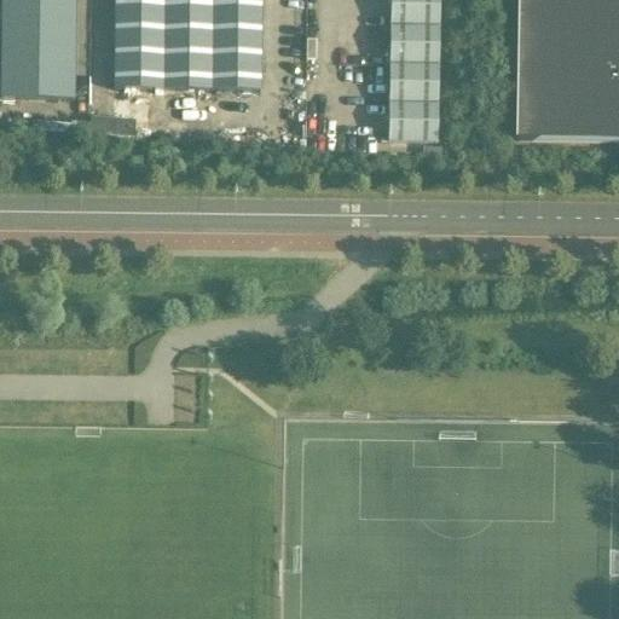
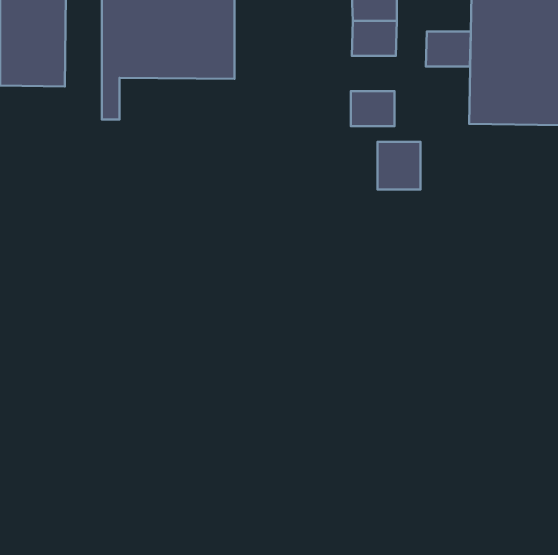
building: [389,62,439,100] -> [426,31,471,66]
building: none -> [377,142,421,190]

